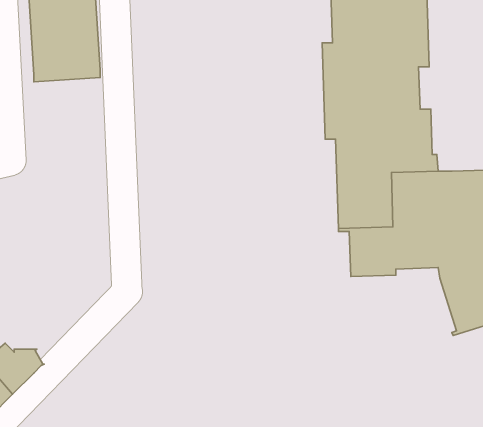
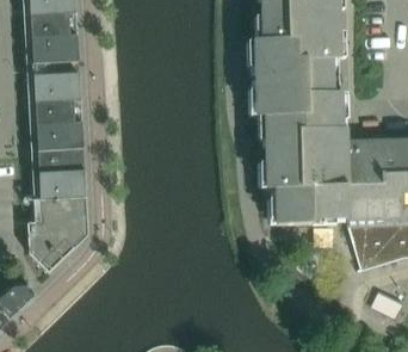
building: none -> [27,69,88,273]

